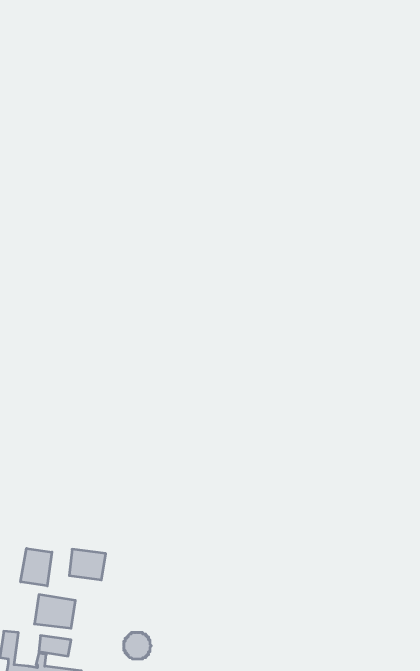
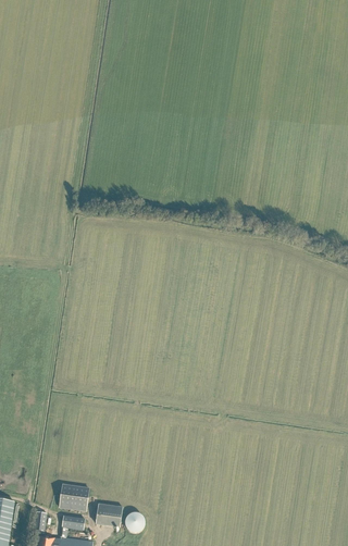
building: [21,548,52,586] -> none
building: [69,549,106,580] -> [96,504,123,526]

